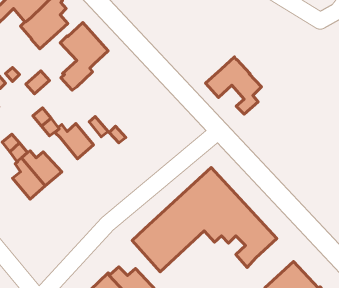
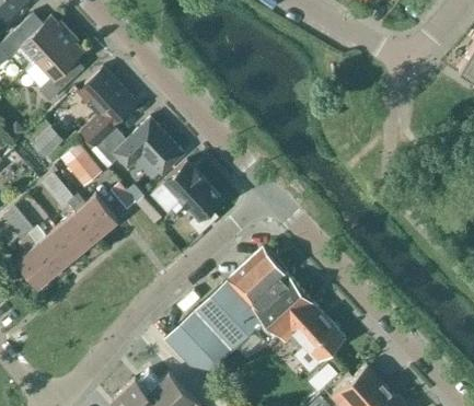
building: [205,57,262,114] -> [151,161,221,232]
building: none -> [96,118,184,177]
building: none -> [67,151,101,186]
building: none -> [55,210,97,253]

